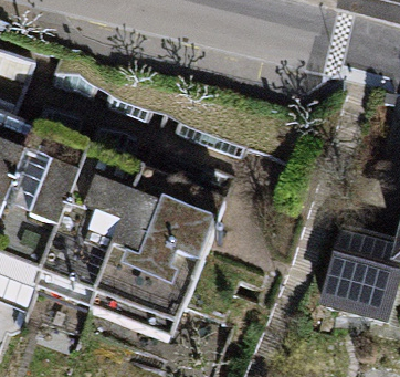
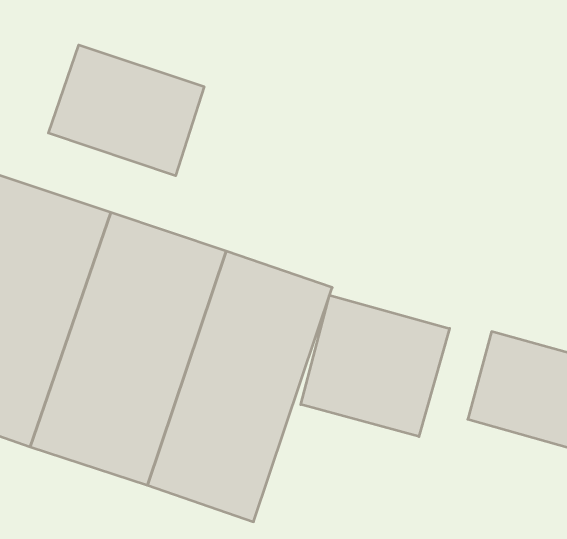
building: none -> [48,45,204,176]
building: none -> [301,295,450,437]

